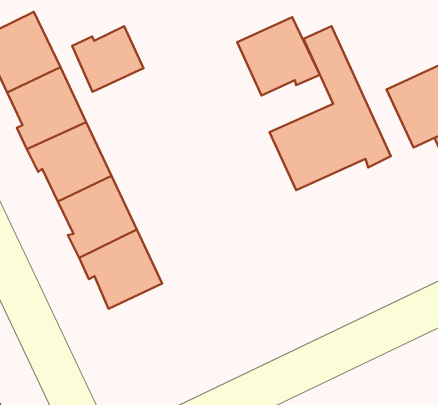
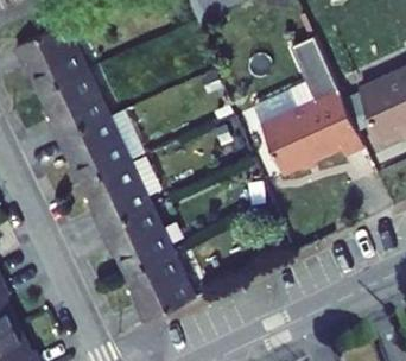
building: [237,17,320,95] -> none
building: [72,26,144,92] -> none
building: none -> [126,249,194,319]

